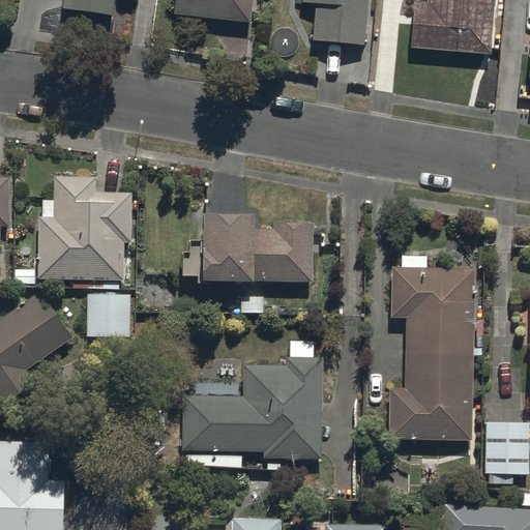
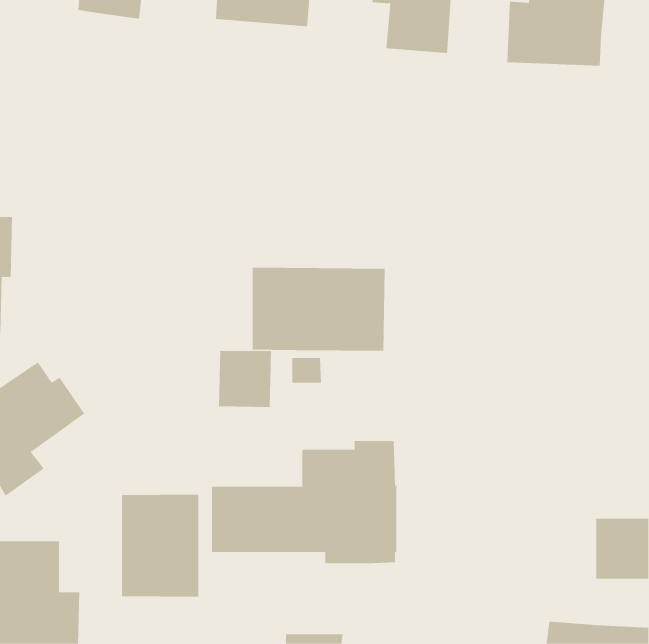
building: [38,175,131,278] -> none
building: [390,267,475,441] -> none
building: [87,291,130,337] -> [218,350,272,408]
building: none -> [122,494,199,597]

